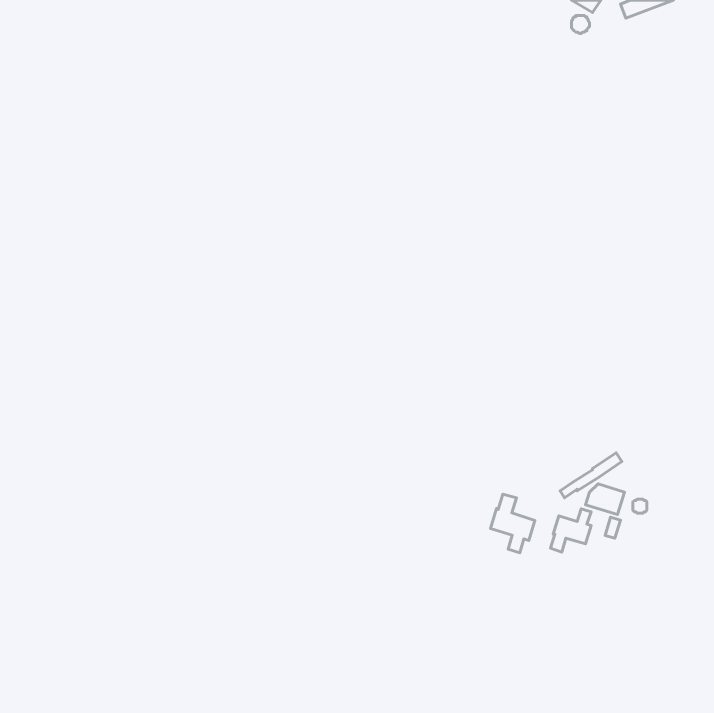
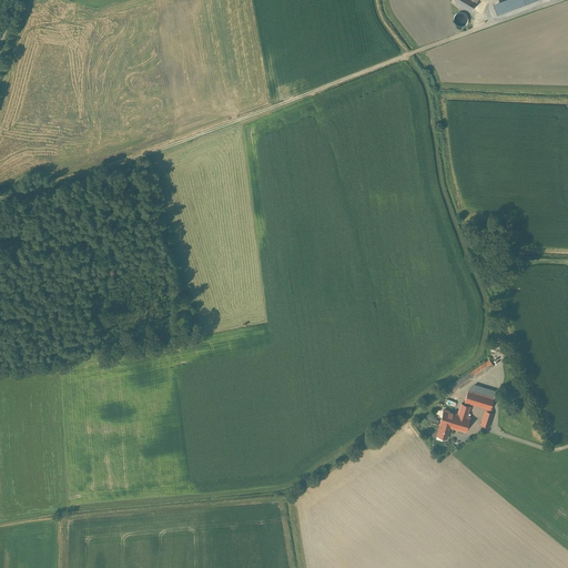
building: [491,494,535,553] -> none

